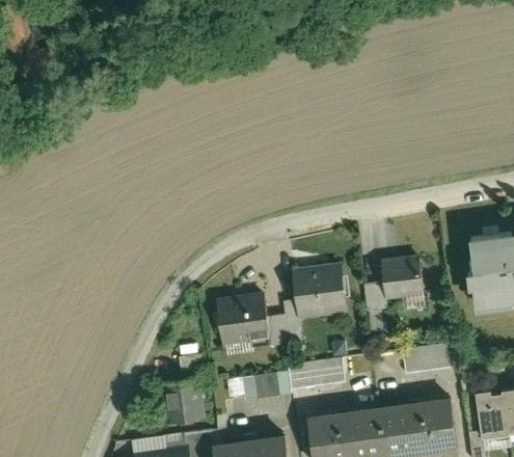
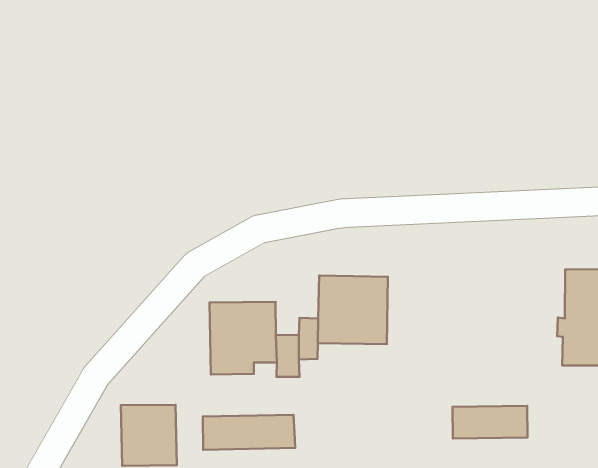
building: [362,254,423,314] -> none
building: [286,359,345,389] -> none

